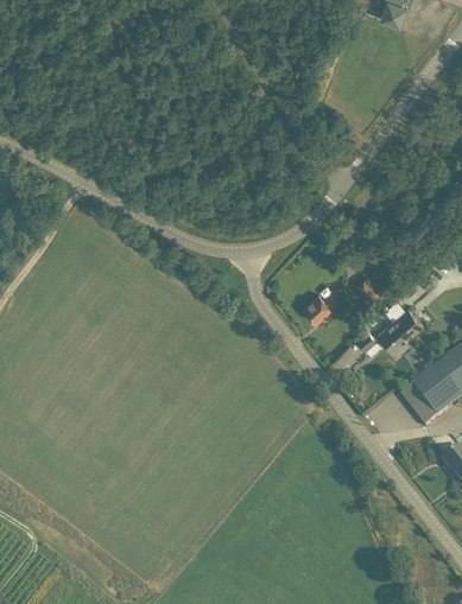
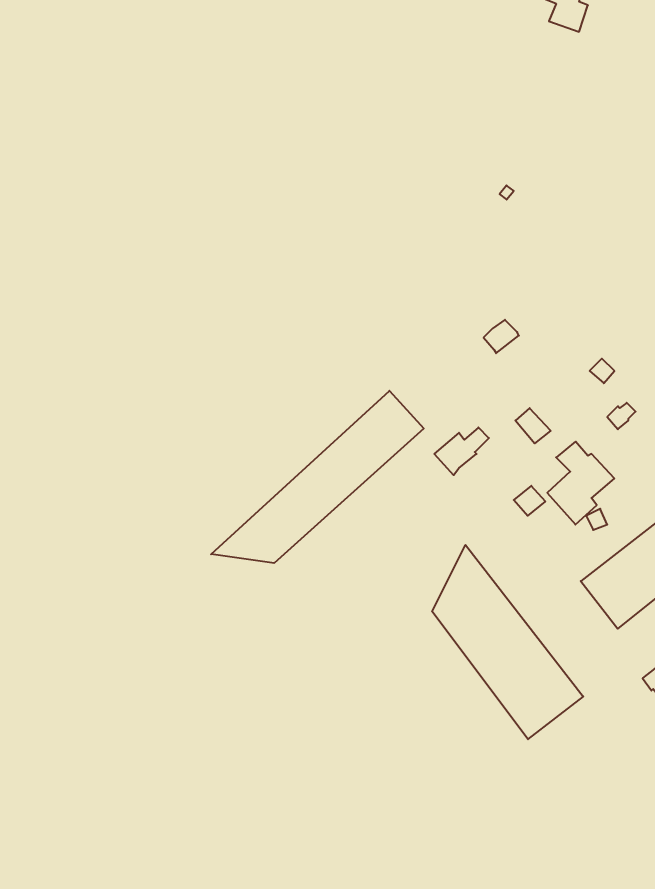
building: none -> [211,391,424,563]
building: none -> [432,545,583,739]

